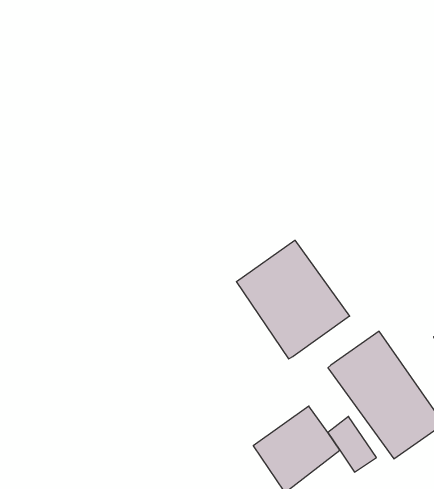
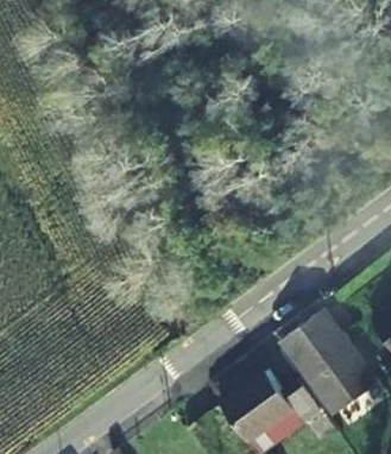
building: [236,240,350,359] -> none

